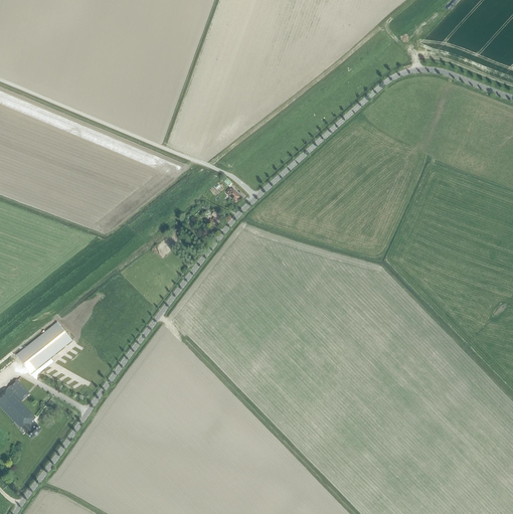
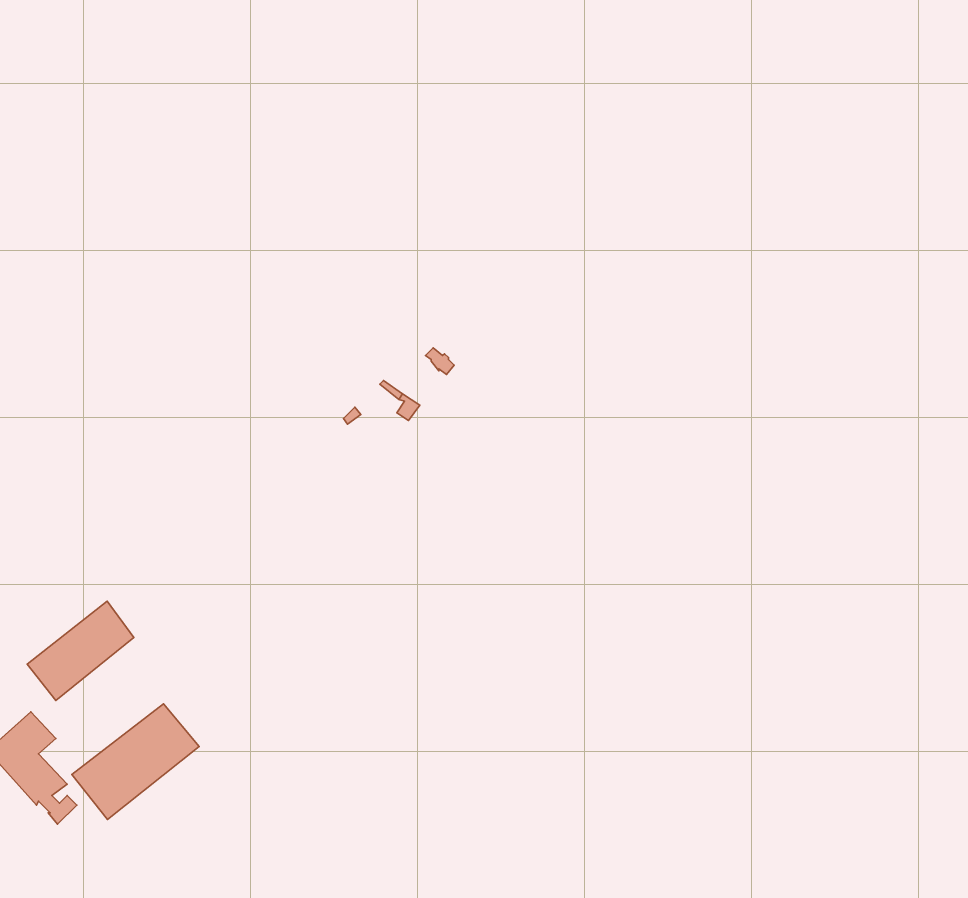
building: none -> [72,704,199,819]

